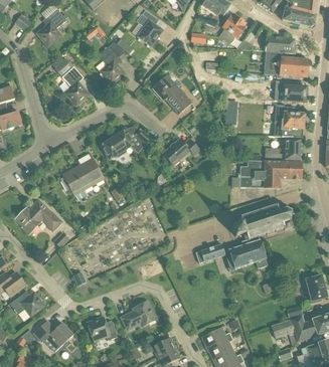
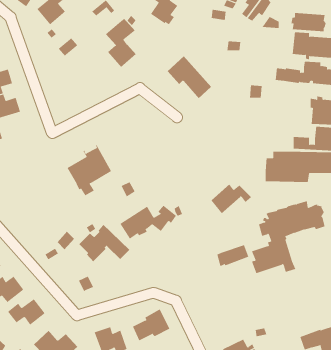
building: [61,66,90,106] -> none
building: [101,128,152,159] -> [119,205,177,240]
building: [163,137,200,164] -> [210,184,252,214]
building: [15,199,61,233] -> [78,224,130,262]

